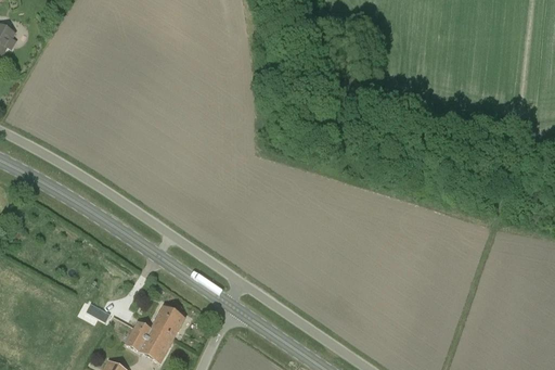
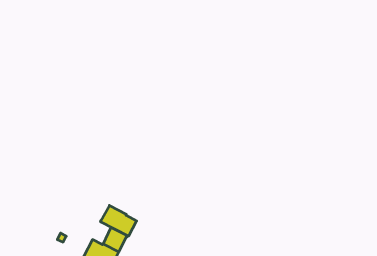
building: none -> [101,205,137,236]

